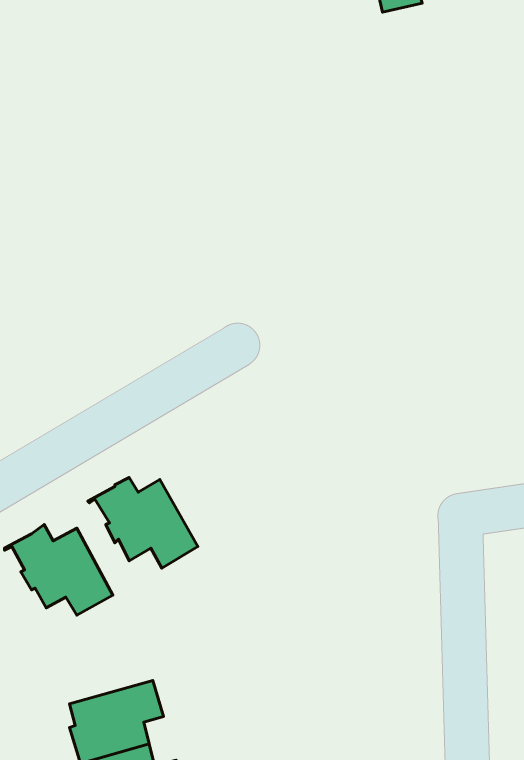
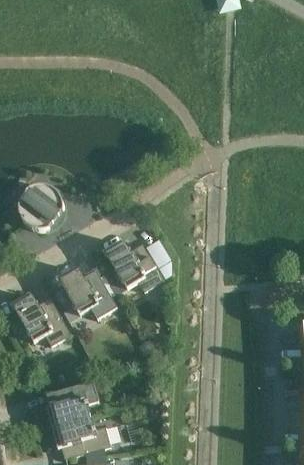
building: none -> [19,185,63,230]
building: none -> [102,242,164,291]

